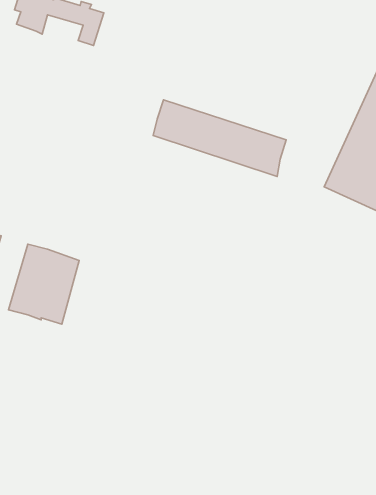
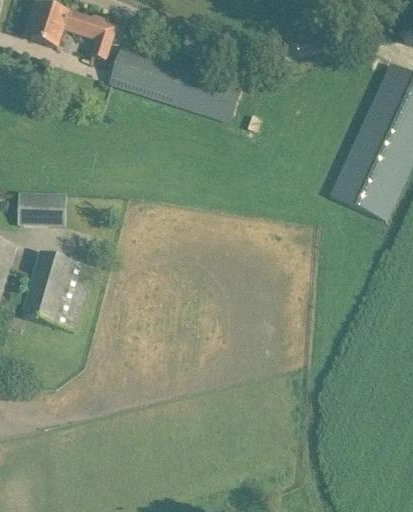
building: [153,100,286,177] -> [112,46,242,121]
building: none -> [19,194,66,225]

